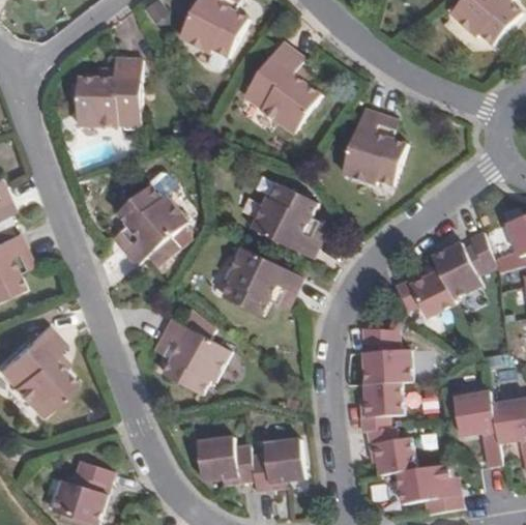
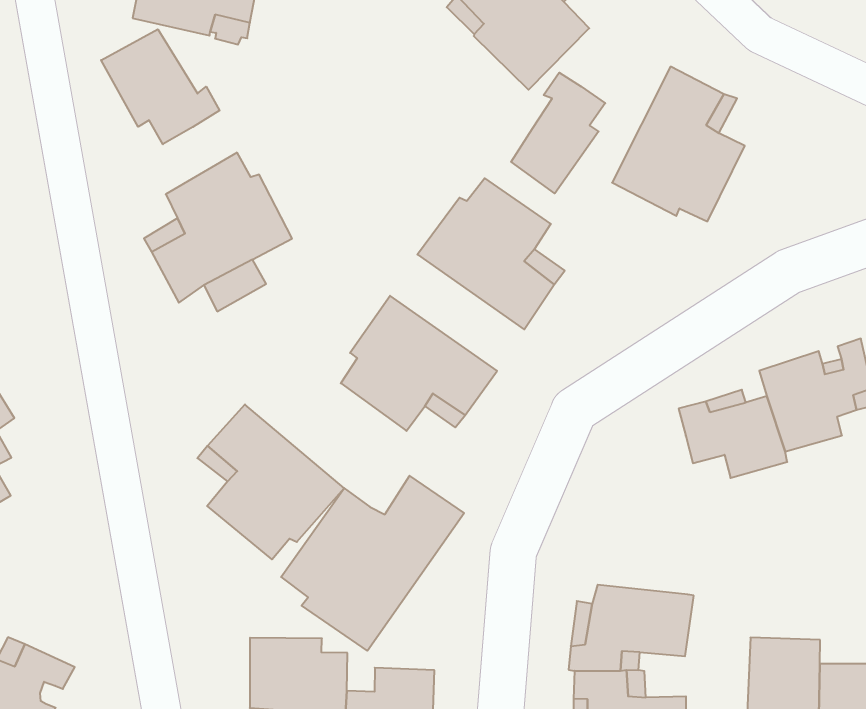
building: none -> [511,73,605,193]
building: none -> [101,29,220,144]
building: [369,324,419,380] -> none
building: none -> [281,476,464,651]

